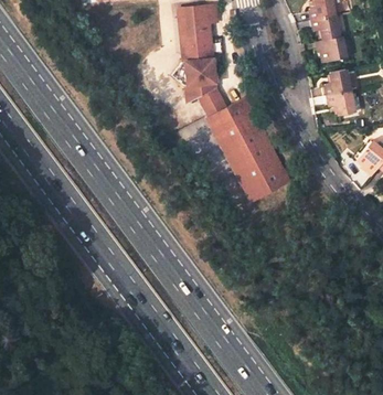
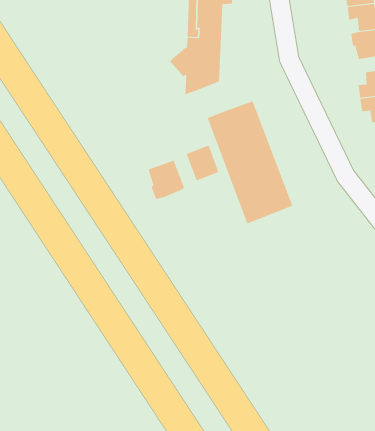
building: [193,87,222,118] -> [186,145,219,181]
building: none -> [148,160,185,200]

